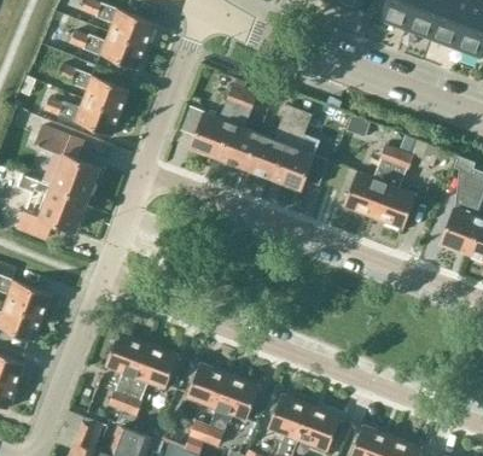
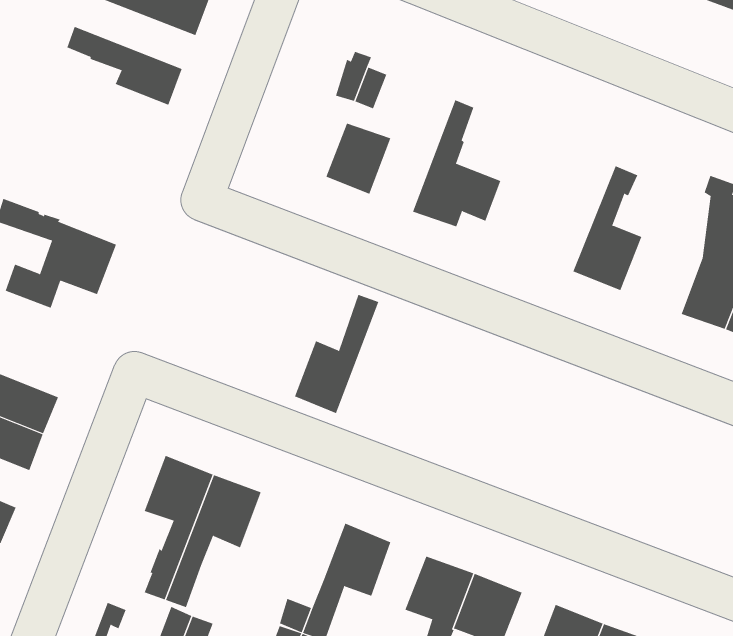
building: [43,97,120,135] -> none
building: [245,104,298,179] -> [294,294,379,414]
building: [190,112,231,157] -> none
building: [35,125,99,199] -> none
building: [342,144,398,216] -> none
building: [186,362,229,408] -> none

